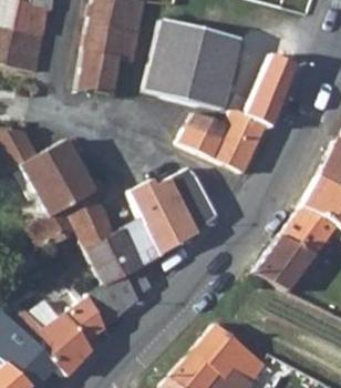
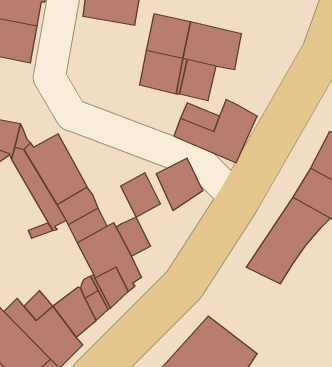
building: [79,24,143,94] -> none
building: [245,54,296,131] -> none
building: [144,182,197,254] -> none

